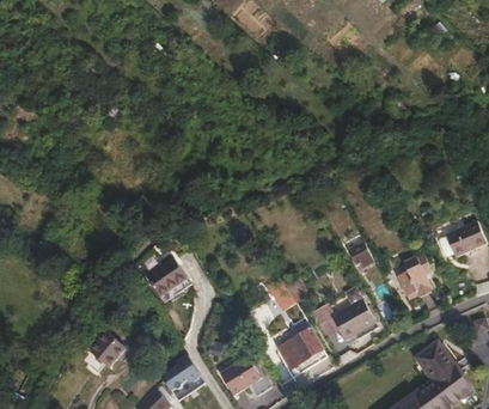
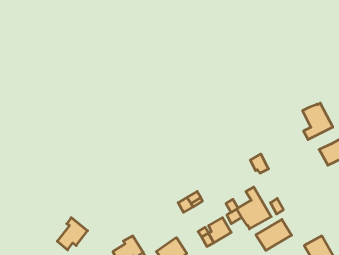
building: none -> [303,103,333,140]
building: [397,255,432,299] -> none
building: [148,261,191,304] -> none
building: none -> [256,219,292,250]

